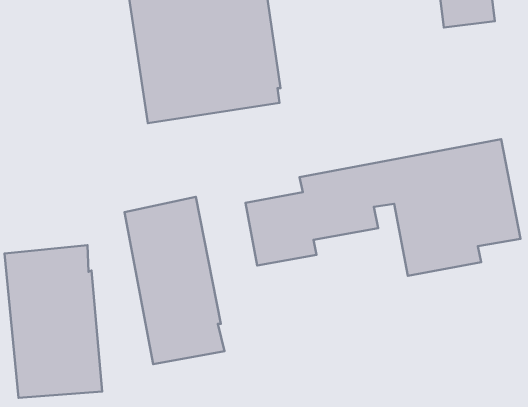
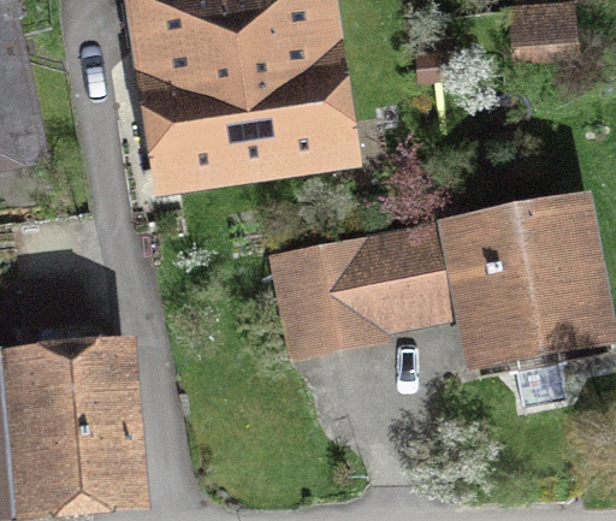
building: [124,197,224,364] -> none

